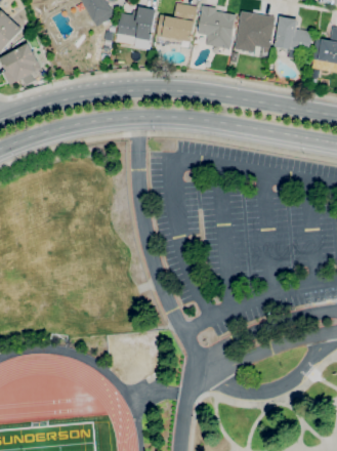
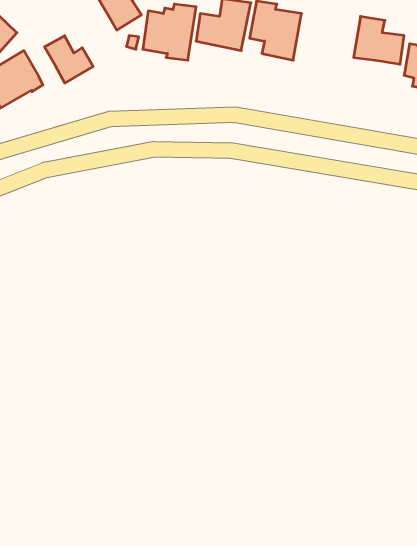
building: [235,11,276,52] -> none
building: none -> [45,36,93,83]

